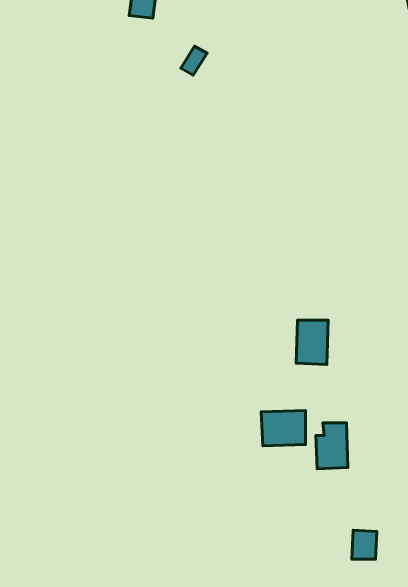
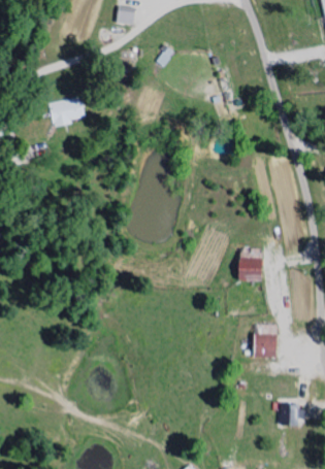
building: none -> [48,97,86,126]
building: [261,410,306,446] -> none

